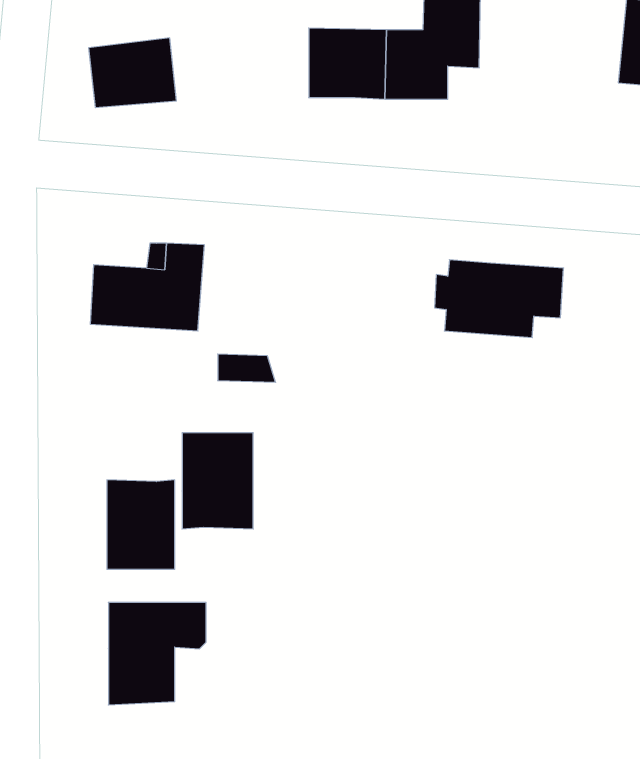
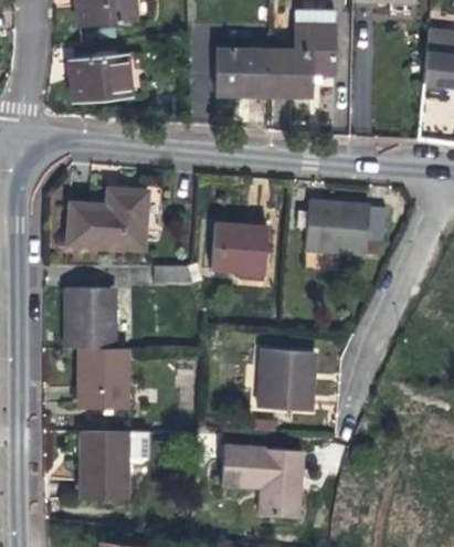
building: none -> [212,223,268,272]
building: [182,433,253,529] -> [67,286,115,350]
building: none -> [262,348,315,410]
building: none -> [225,446,302,516]

